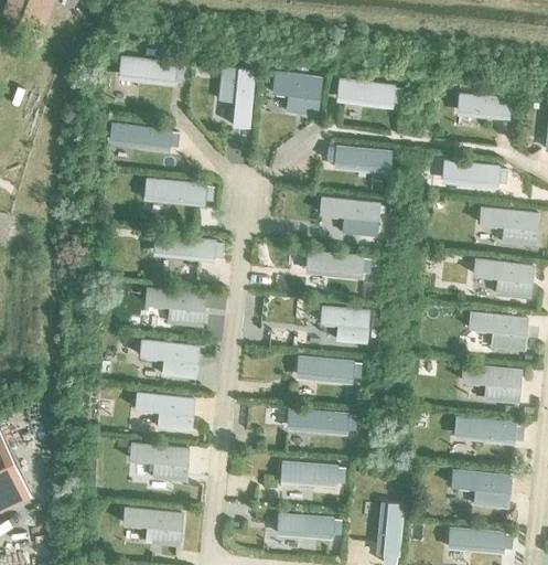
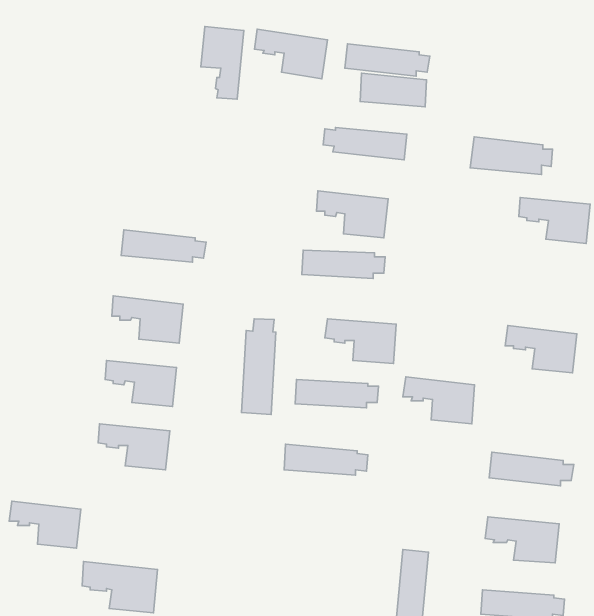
building: [114,57,183,84] -> none
building: [455,89,509,117] -> [360,73,426,107]
building: [109,124,179,150] -> none
building: [144,178,213,204] -> none
building: [473,260,531,298] -> none
building: none -> [241,319,276,414]
building: [461,364,519,403] -> [403,377,474,424]
building: [129,443,187,481] -> [9,501,81,548]
building: [280,462,348,487] -> none
building: [277,514,345,539] -> none

